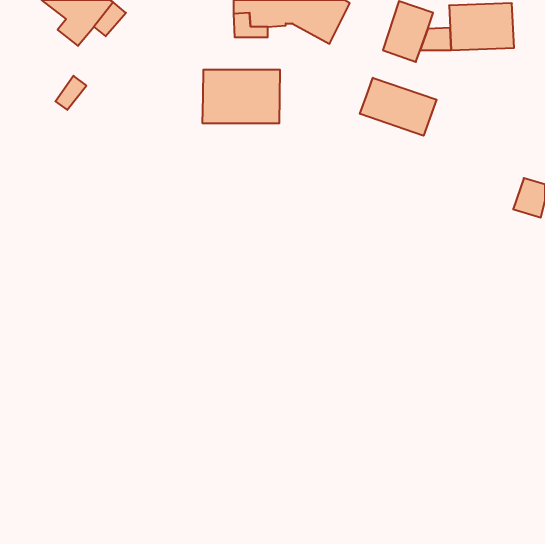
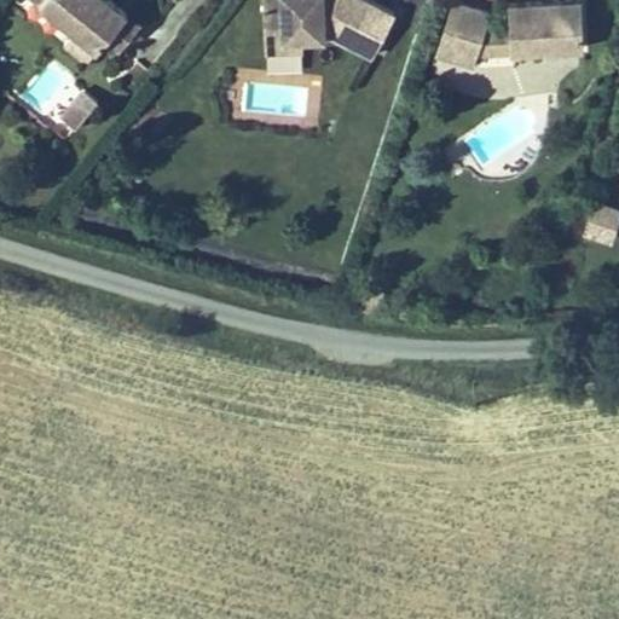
building: [203,70,280,123] -> none
building: [360,78,437,136] -> none

